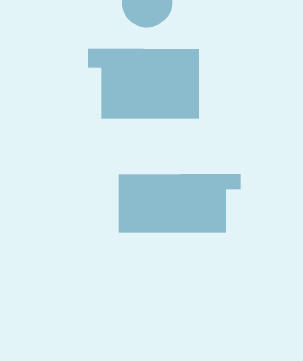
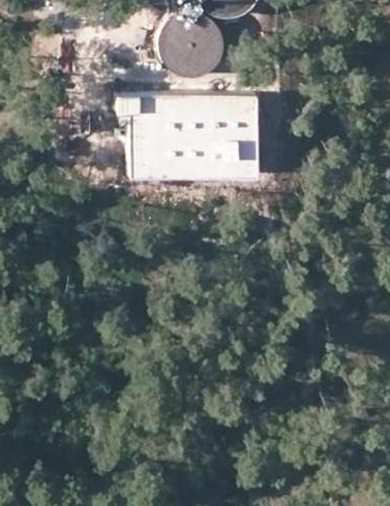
building: [118,173,241,234] -> none

